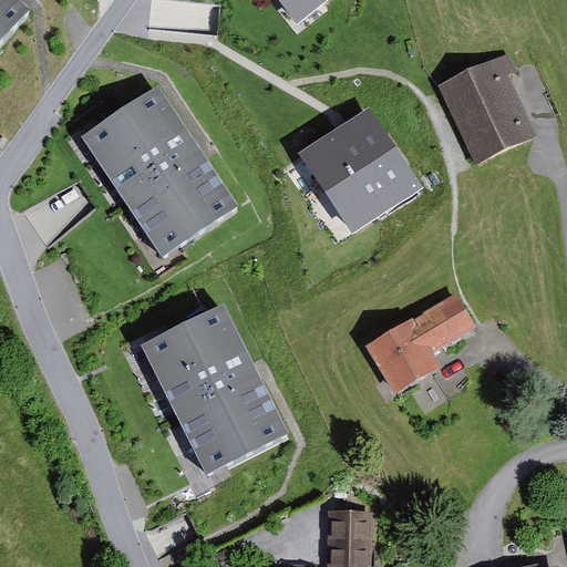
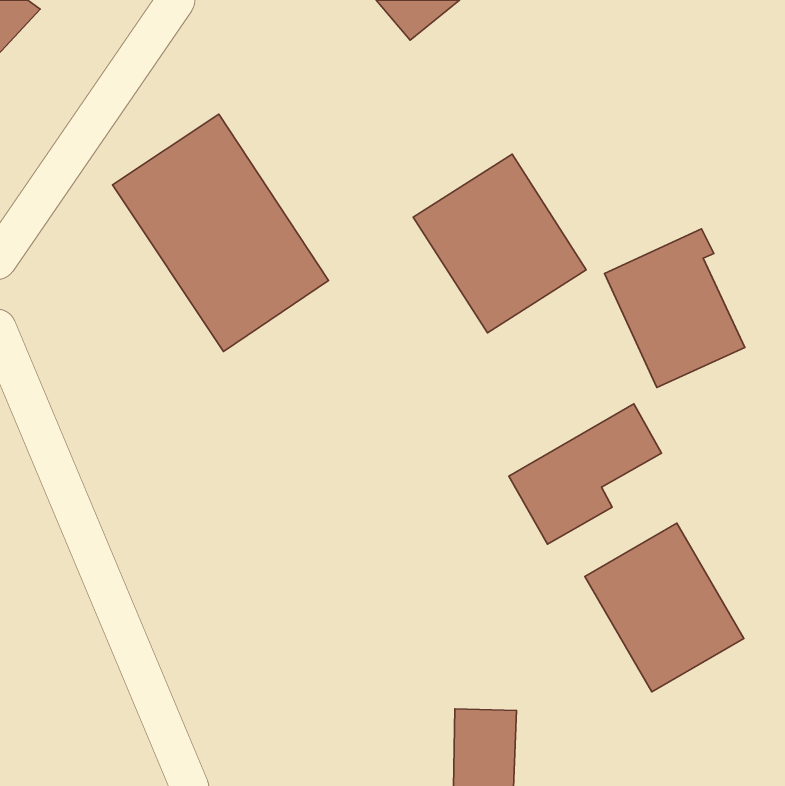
building: [436,53,537,167] -> [604,229,745,388]
building: [140,301,287,473] -> none
building: none -> [585,523,744,692]

